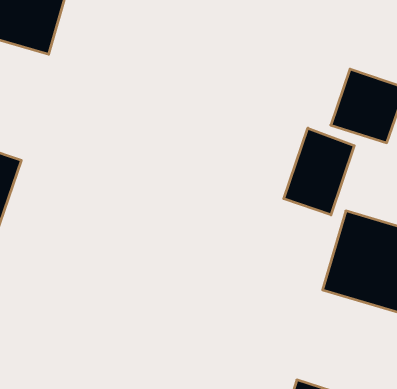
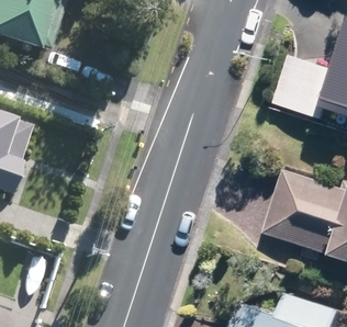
building: [284,128,354,215] -> none

